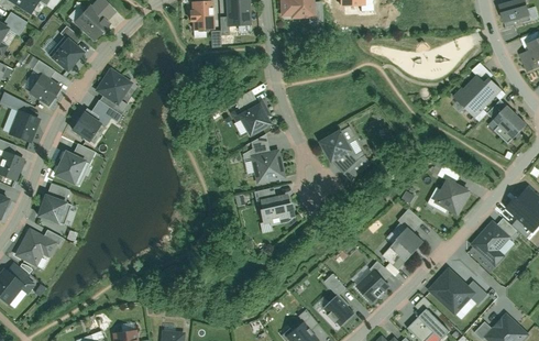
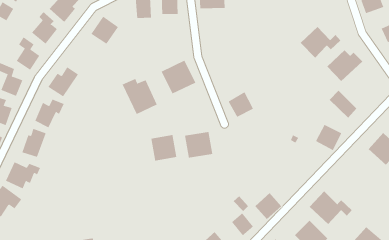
building: none -> [300,26,341,58]
building: [96,64,134,102] -> [91,16,119,44]
building: [488,102,527,141] -> [329,90,357,118]
building: none -> [122,78,157,115]
building: [252,146,288,183] -> [150,135,177,161]
building: [470,218,517,268] -> none
building: [384,222,429,268] -> none

